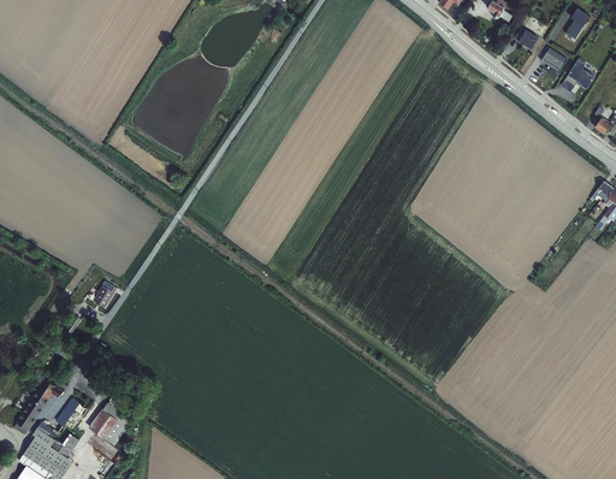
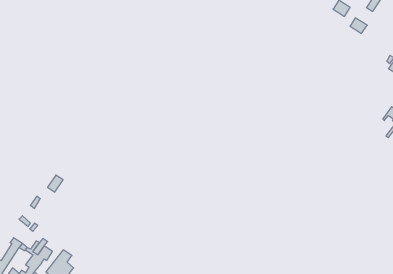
building: [561,58,594,93] -> none

